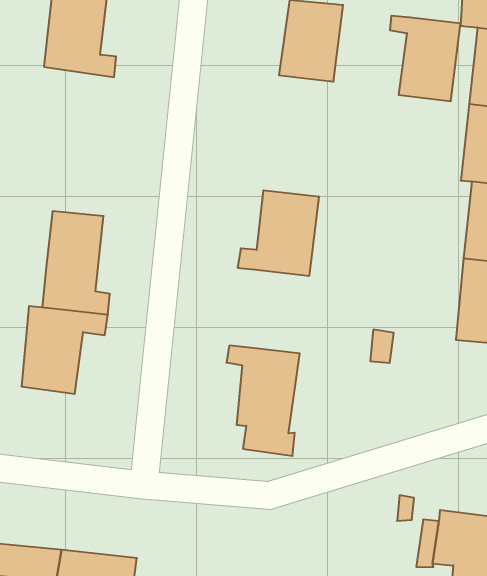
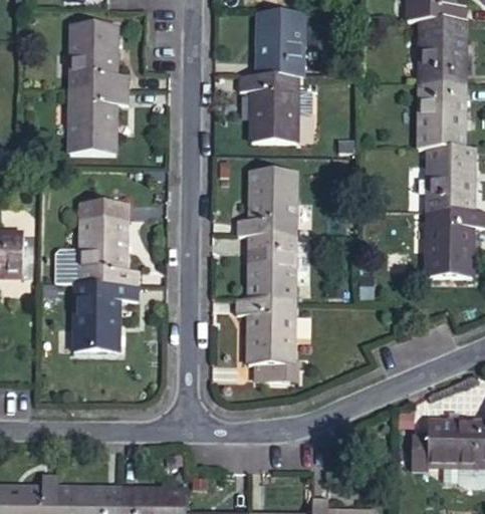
building: [390,16,461,101] -> [245,77,302,143]
building: none -> [66,88,126,155]
building: none -> [59,252,84,285]
building: none -> [253,238,300,303]

